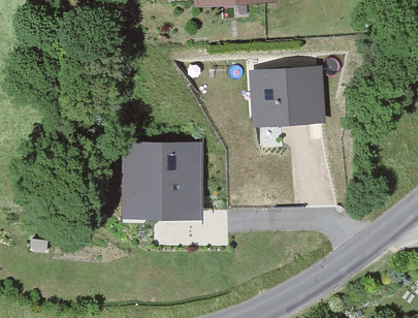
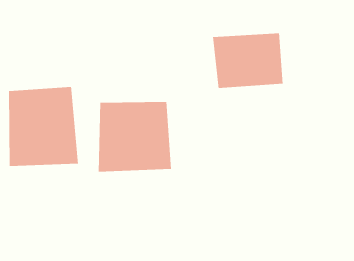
building: none -> [8,86,79,167]

